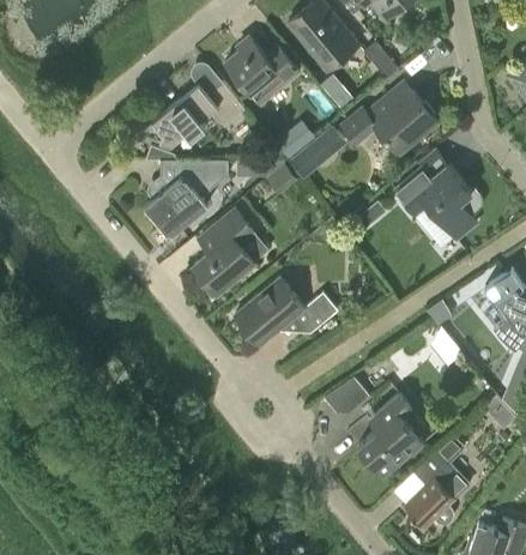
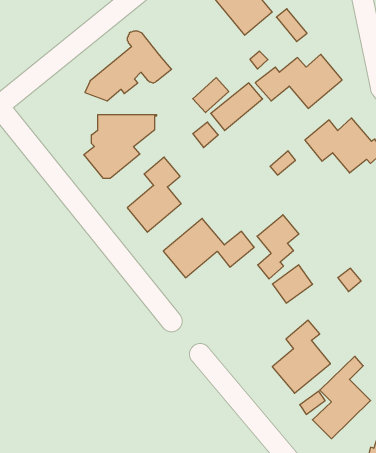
building: [224,41,300,105] -> none
building: none -> [257,215,299,279]
building: [318,374,363,417] -> [272,265,313,303]

